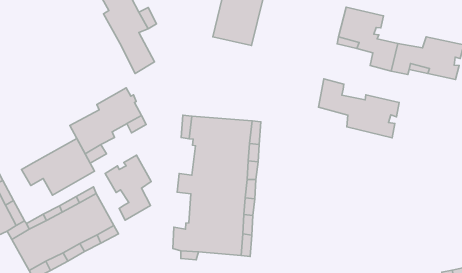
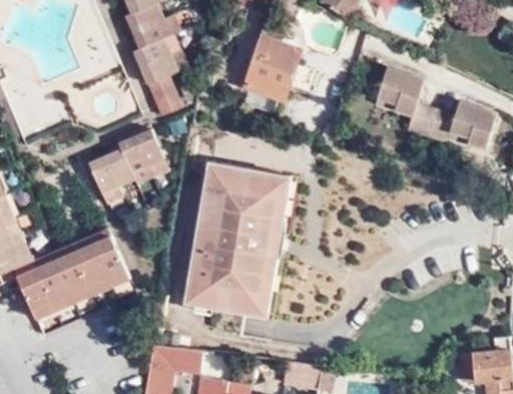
building: [319,79,399,138] -> none
building: [22,138,95,195] -> none
building: [105,155,151,220] -> none

